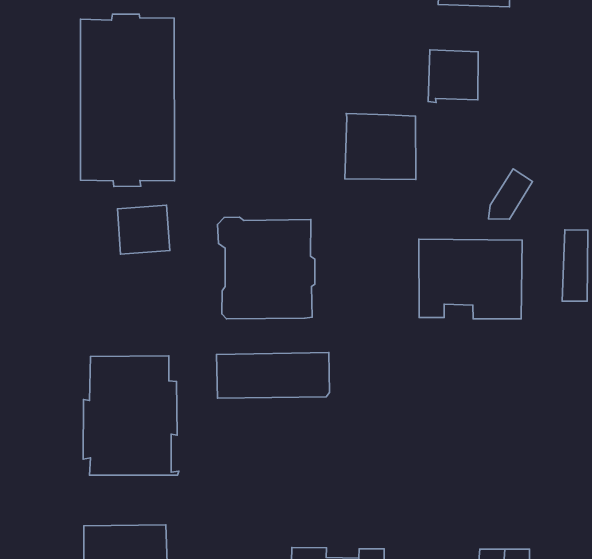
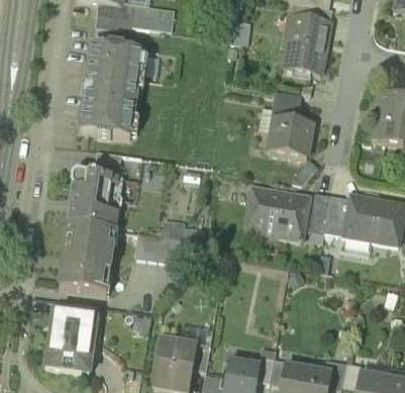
building: [345,114,416,179] -> [268,114,310,155]
building: [218,217,315,319] -> [69,169,123,228]
building: none -> [309,192,331,231]

